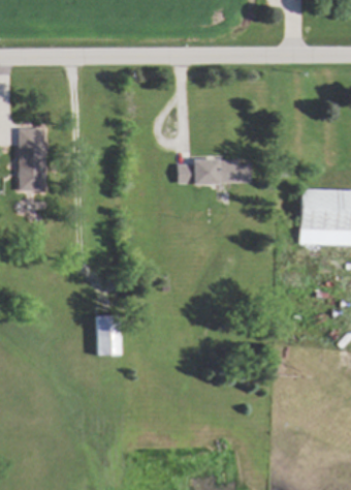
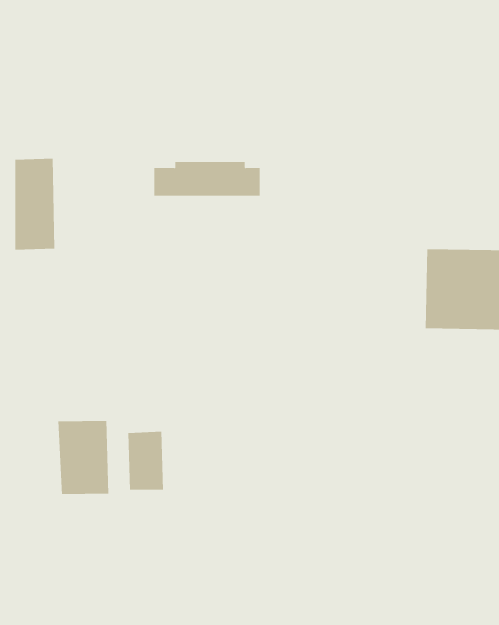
building: [178,160,251,184] -> [153,162,261,196]
building: none -> [58,420,109,495]

